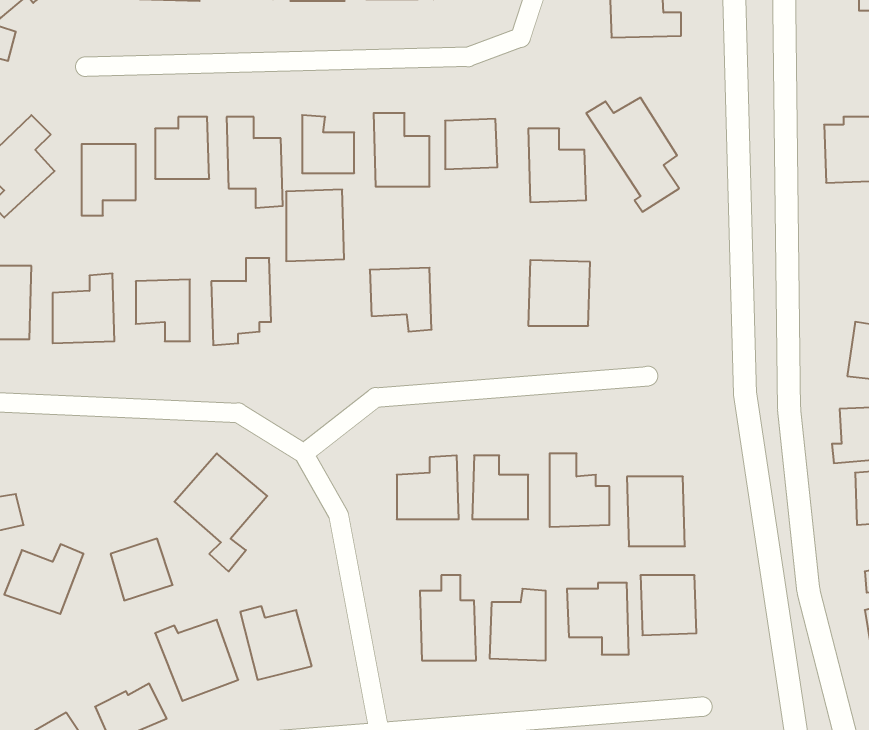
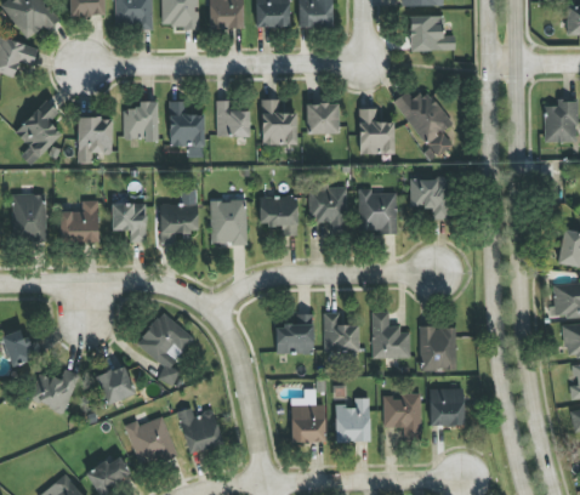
building: [286,190,344,261] -> [210,199,246,244]
building: none -> [409,178,447,218]
building: none -> [308,186,346,233]

